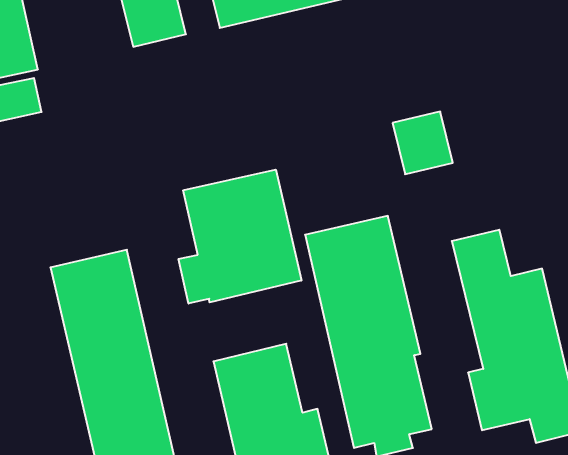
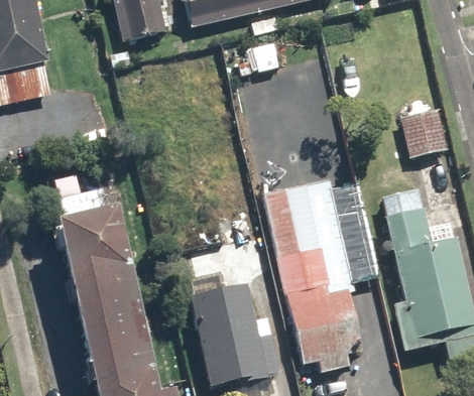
building: [393,112,453,174] -> [399,108,448,158]
building: [179,170,301,304] -> none

